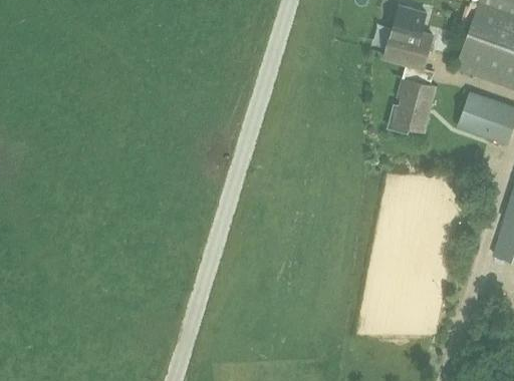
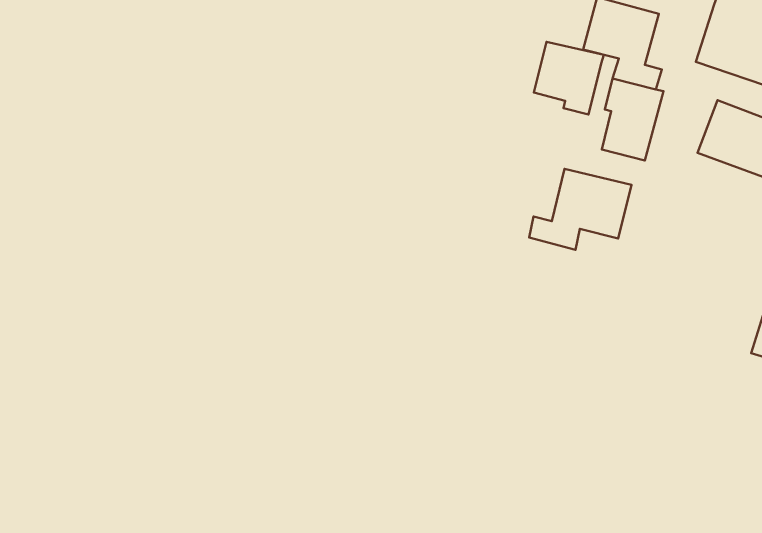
building: none -> [534,42,604,114]
building: none -> [529,169,631,250]

